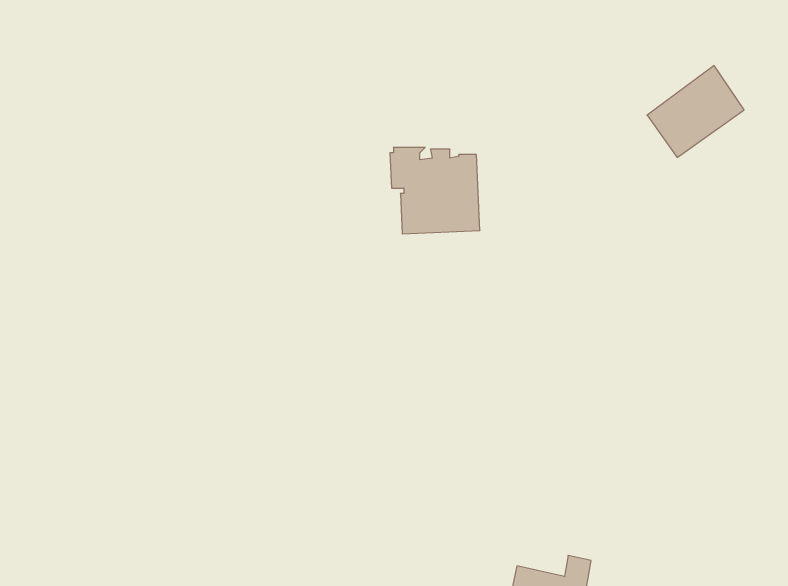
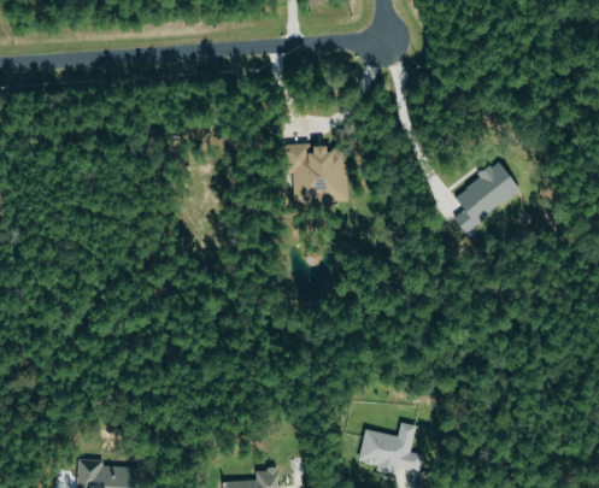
building: [647,66,744,157] -> [454,160,521,223]

